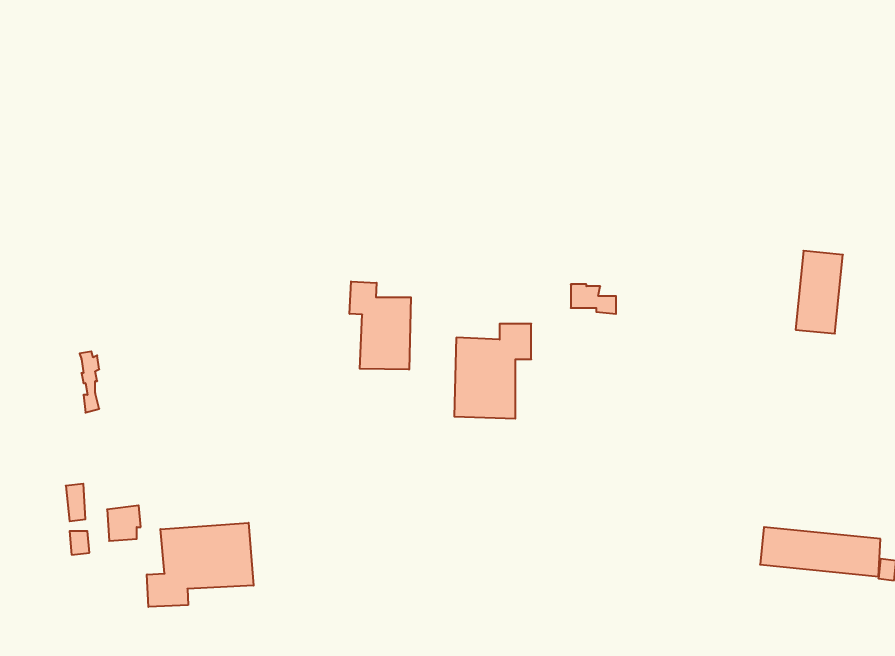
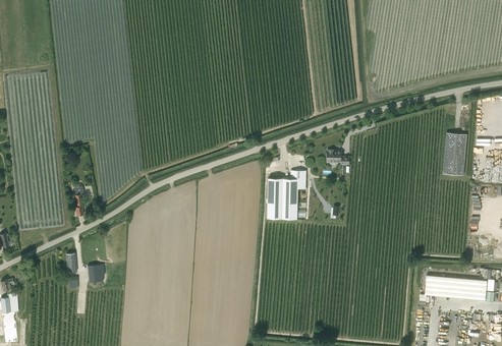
building: [350,281,411,370] -> none
building: [147,523,254,607] -> none

